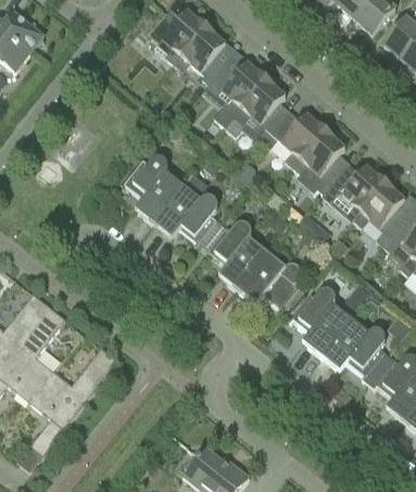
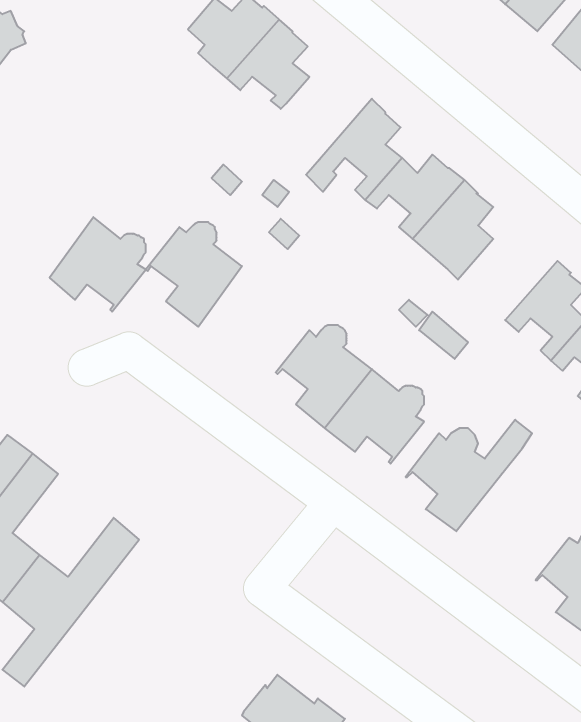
building: [211,62,266,126] -> none
building: [322,165,386,219] -> none
building: [154,185,216,245] -> [50,217,146,312]
building: [320,318,385,378] -> none

